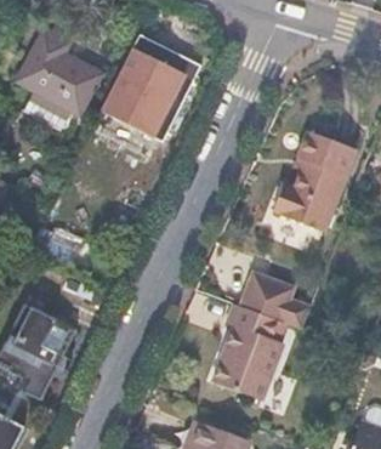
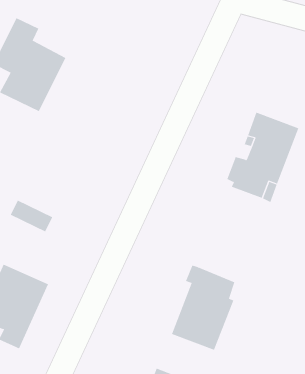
building: [109,38,198,141] -> none
building: [241,269,312,329] -> none

